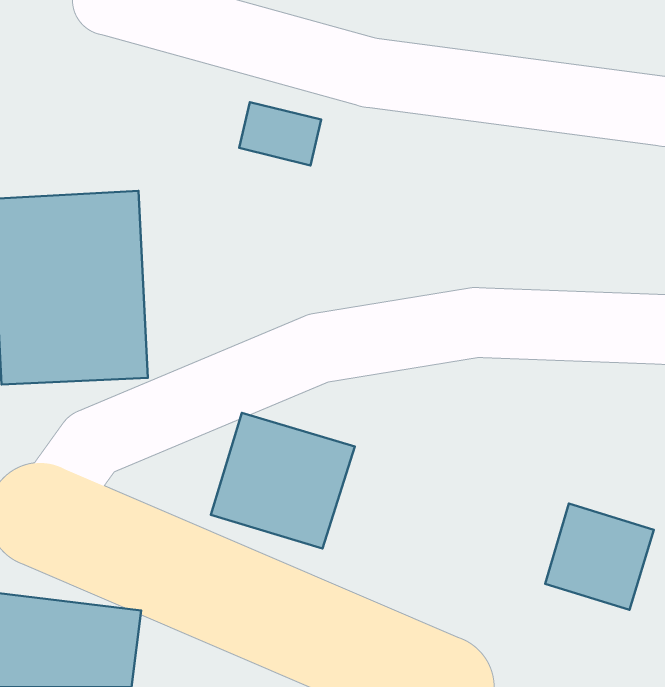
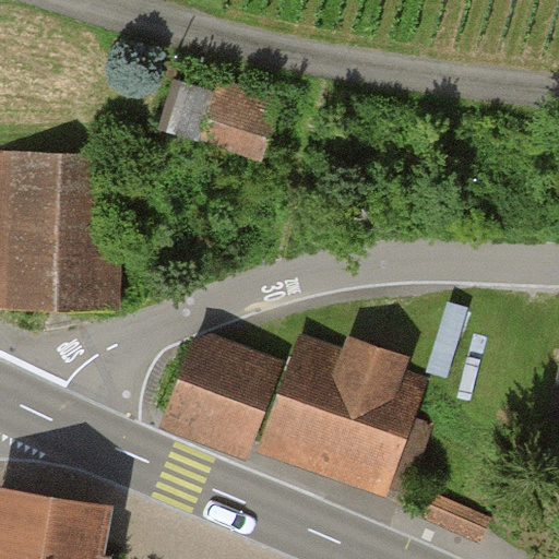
building: none -> [262,335,423,484]
building: [545,503,654,610] -> none

